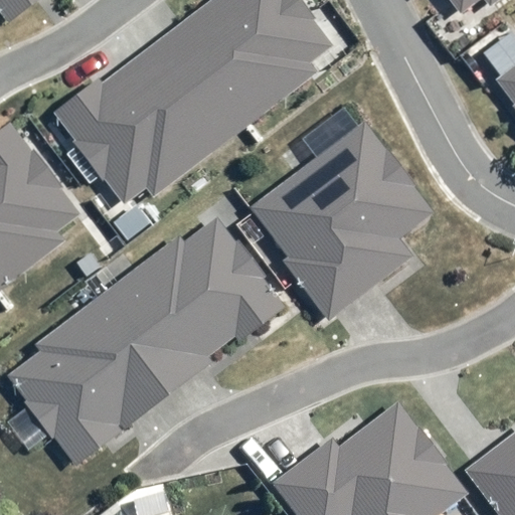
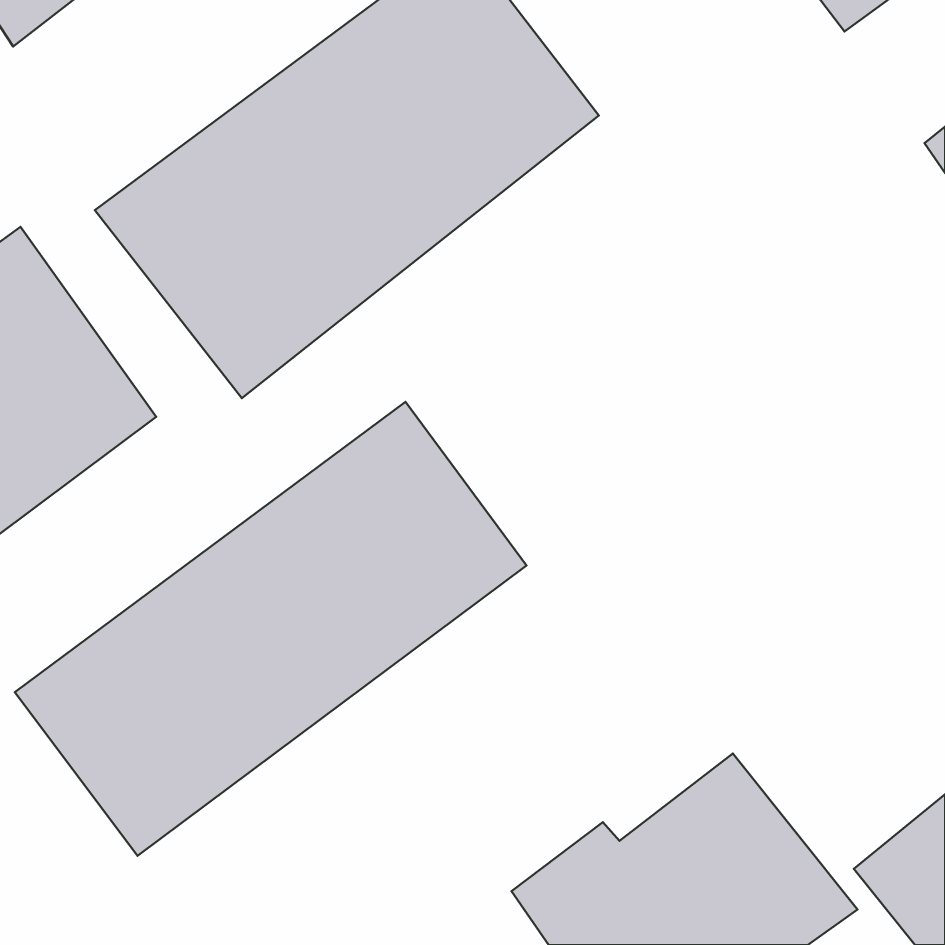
building: [252,122,434,313] -> none

